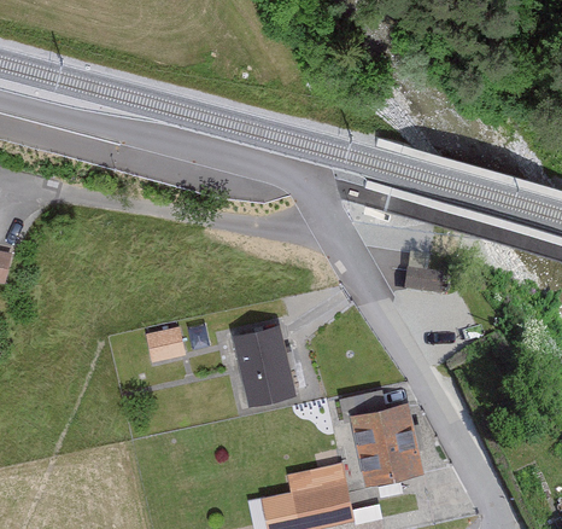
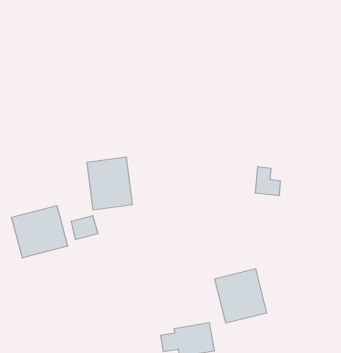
building: none -> [12,206,67,258]
building: [234,325,299,400] -> [87,157,132,210]

